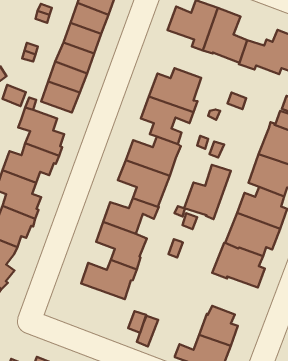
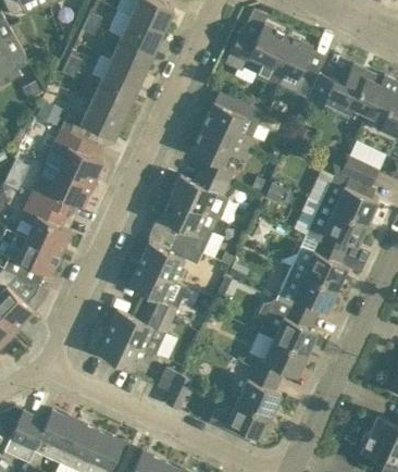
building: [184,165,231,219] -> none
building: none -> [253,337,307,381]
building: none -> [97,332,156,370]

